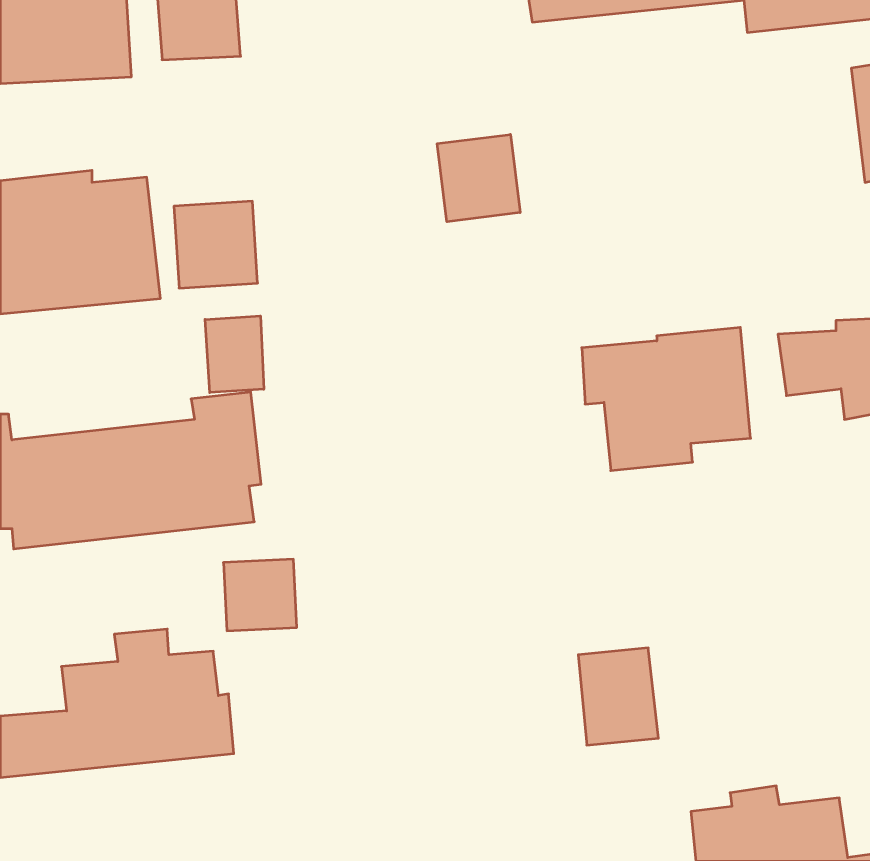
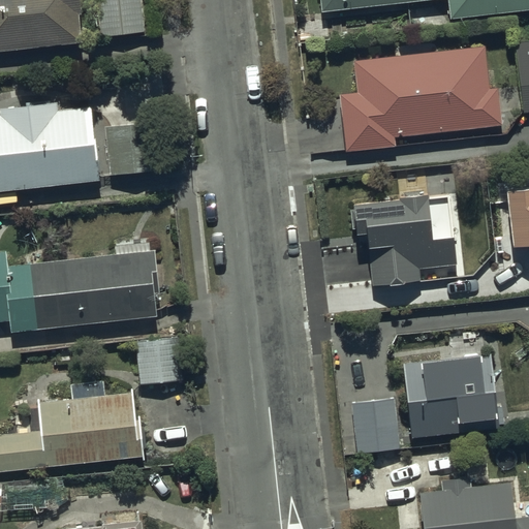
building: none -> [341,44,501,152]
building: [437,134,520,222] -> none
building: [205,316,264,393] -> none
building: none -> [402,355,495,439]

